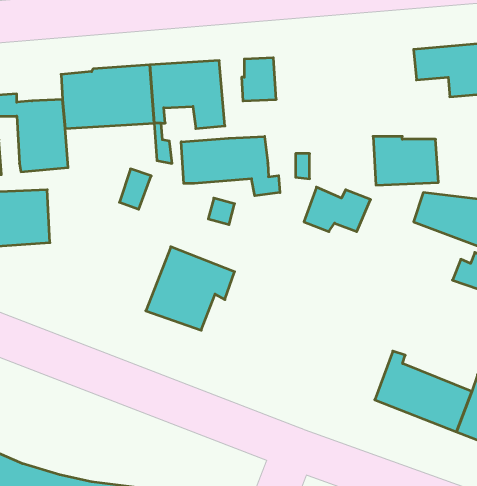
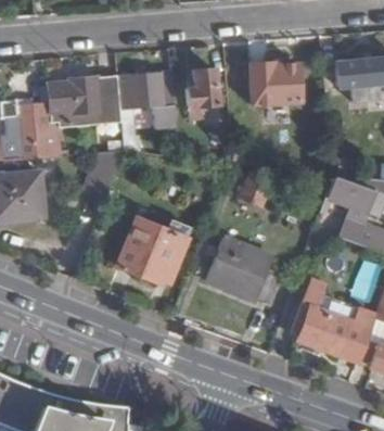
building: [181,136,280,196] -> none
building: [373,136,438,185] -> [248,64,299,102]
building: none -> [207,239,280,305]

